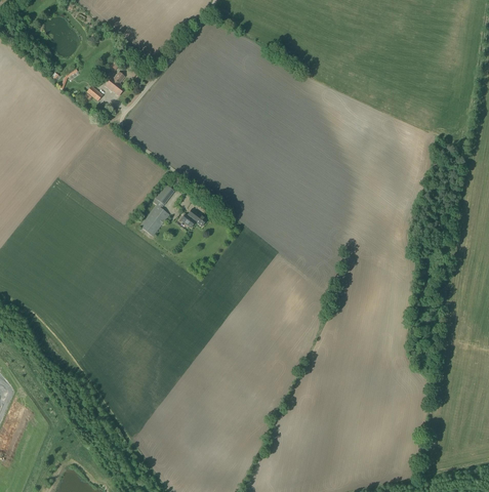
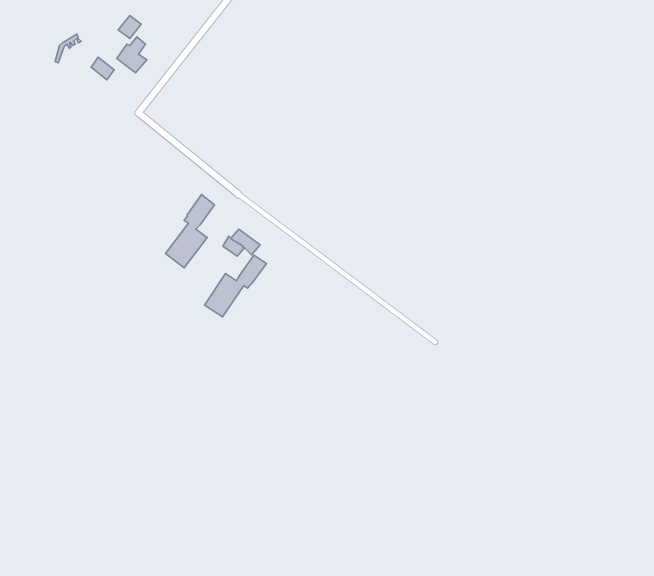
building: none -> [204,255,266,317]

